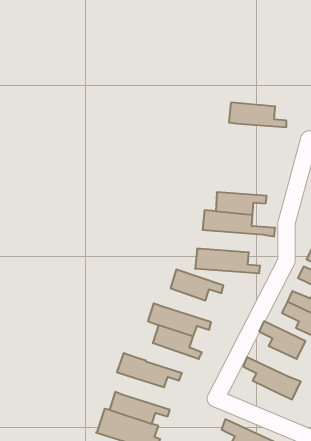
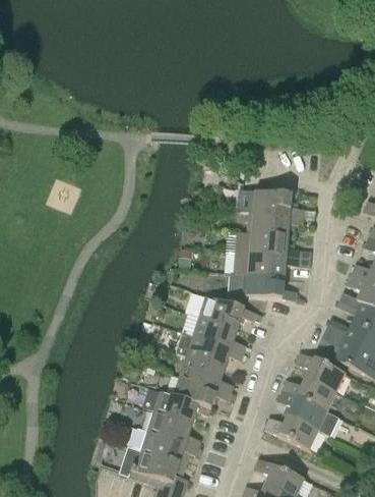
building: [229,103,286,127] -> [241,189,303,216]
building: none -> [232,253,311,277]
building: none -> [192,316,246,352]
building: none -> [173,375,230,407]
building: none -> [282,378,335,411]
building: none -> [147,410,200,447]
building: none -> [264,416,317,449]

